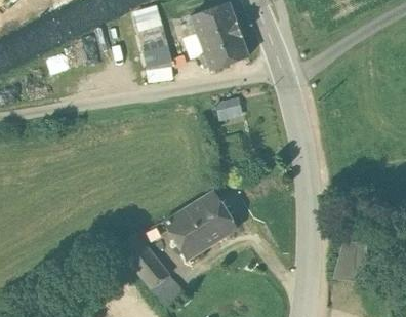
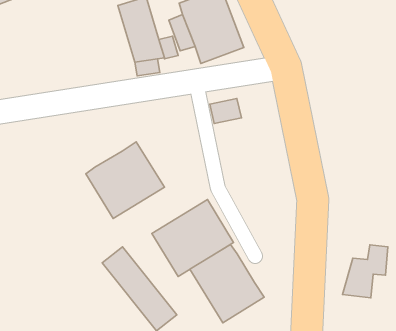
building: none -> [86,142,165,219]
building: none -> [190,244,264,323]

